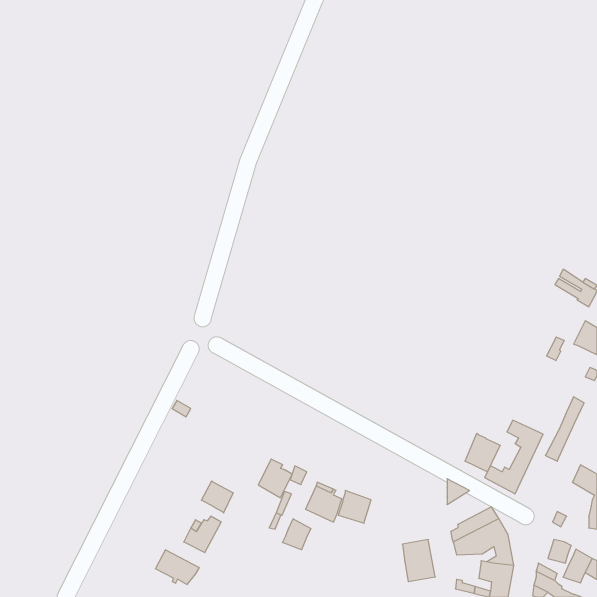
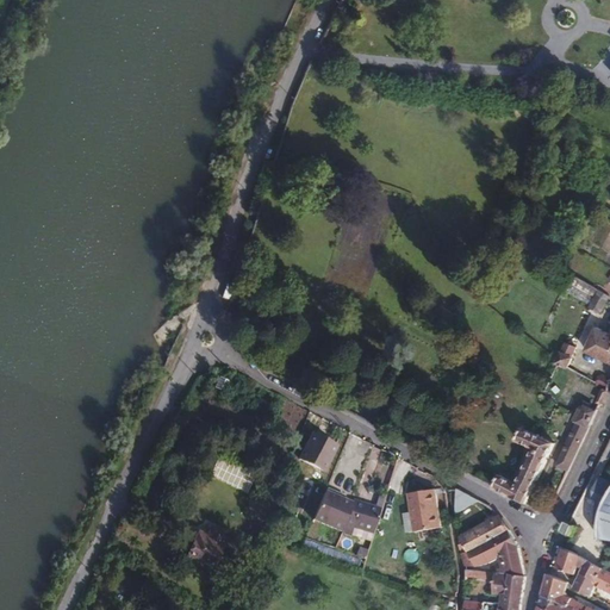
building: [465,433,500,472] -> none
building: [258,459,292,498] -> [299,430,334,469]
building: [201,481,233,513] -> none
building: [282,519,311,550] -> none
building: [402,540,435,582] -> [405,487,438,530]
building: [155,550,199,585] -> none

